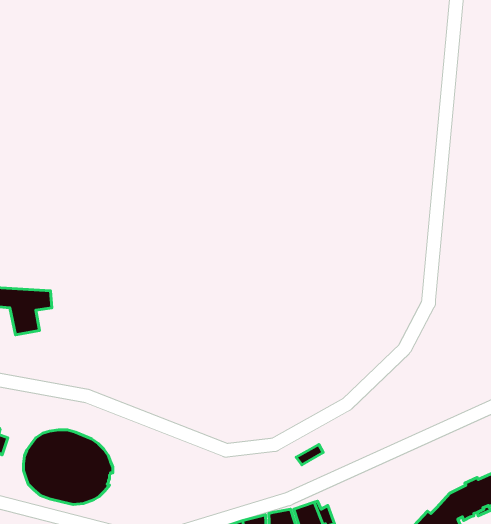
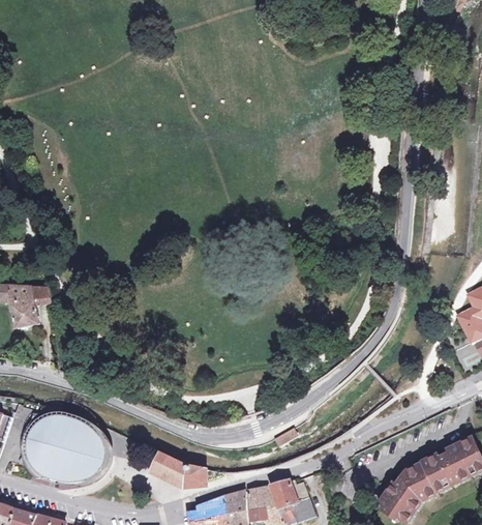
building: none -> [152,453,202,484]

